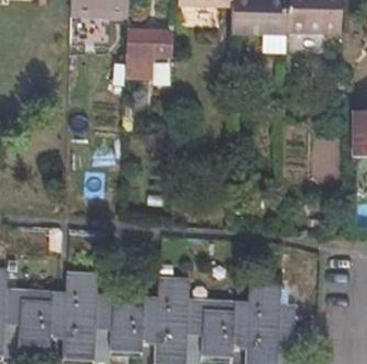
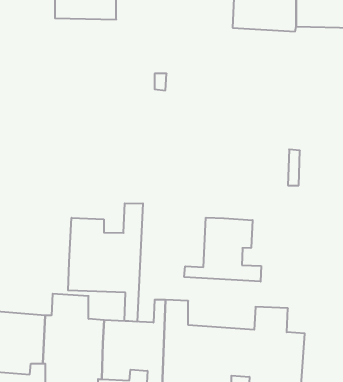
building: [129,36,171,80] -> none
building: none -> [68,203,143,322]
building: none -> [184,218,261,282]

